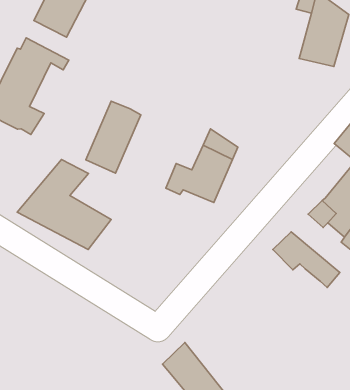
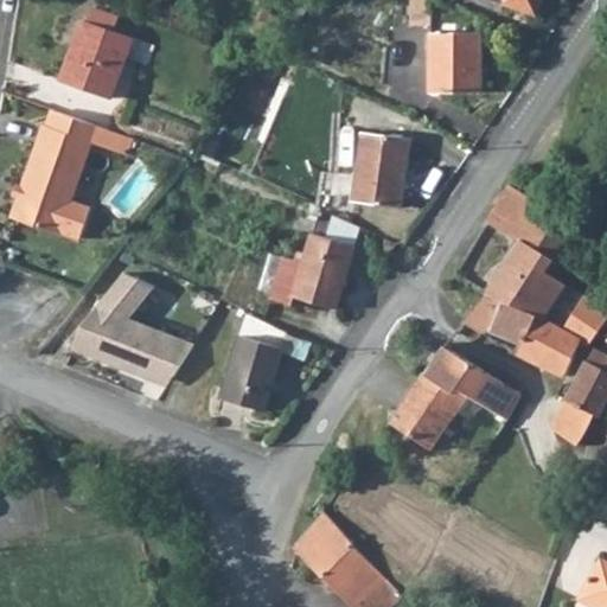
building: none -> [349,134,405,209]
building: [86,101,141,173] -> [215,317,281,414]
building: none -> [386,364,474,445]

